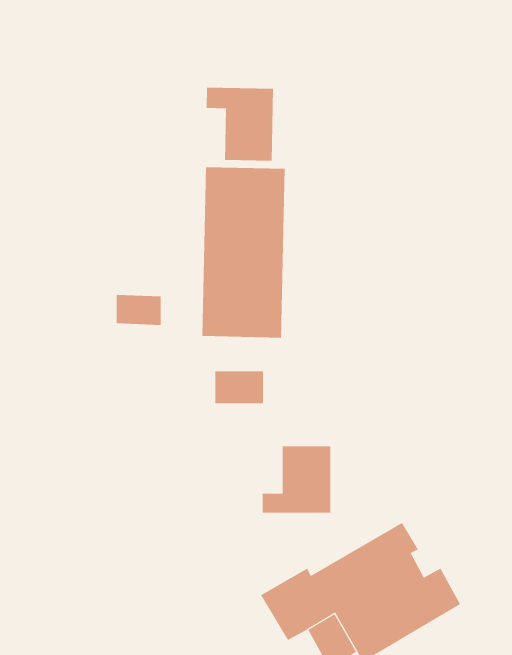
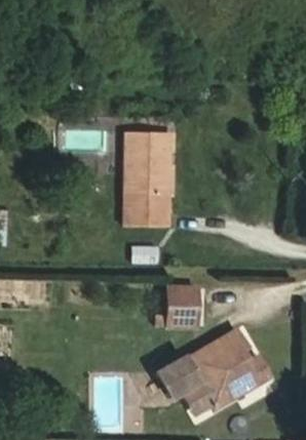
building: [206,87,274,162] -> none

